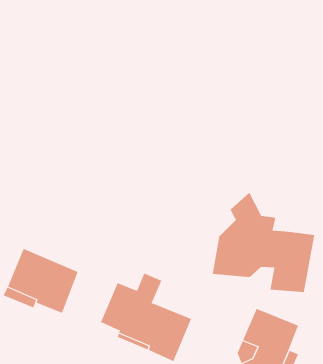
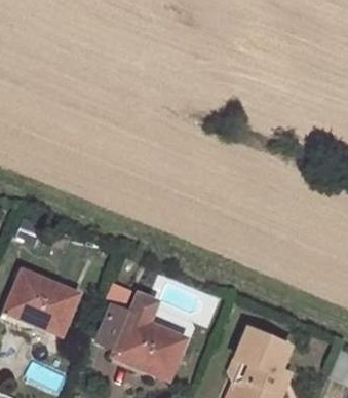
building: [212,192,315,293] -> none

